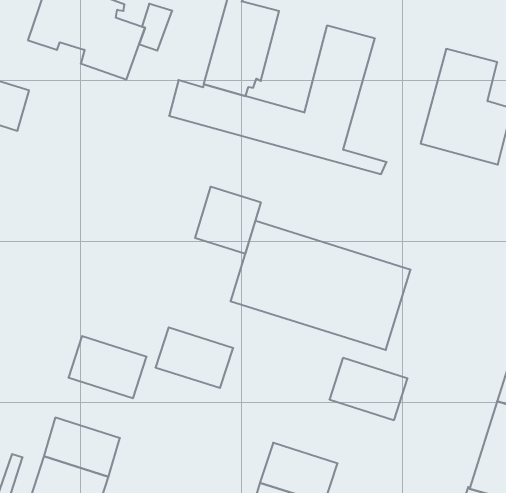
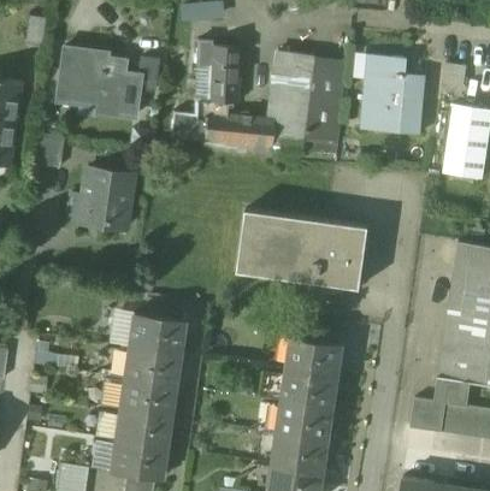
building: none -> [303,55,346,146]
building: none -> [67,168,130,231]
building: [195,187,261,254] -> none
building: [155,327,233,388] -> [123,345,178,384]
building: [329,358,408,420] -> [288,336,343,375]

